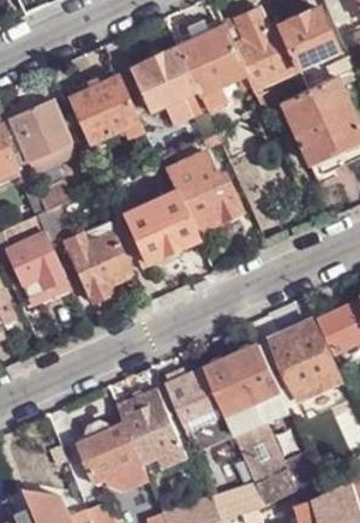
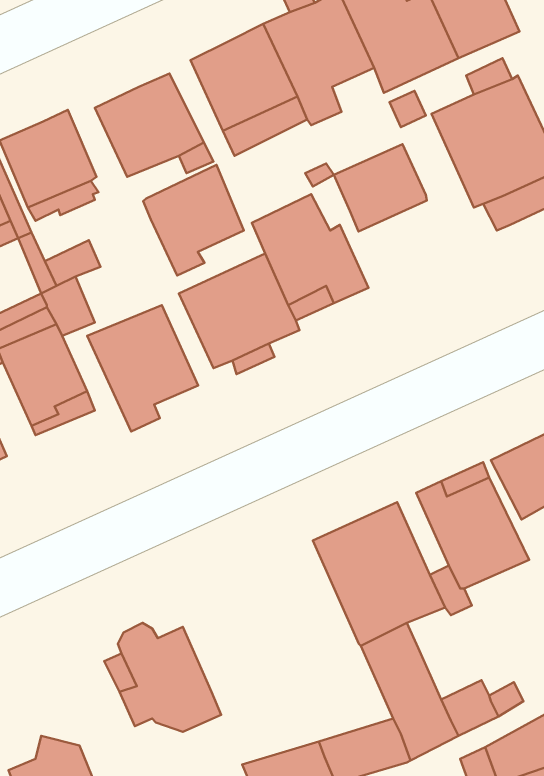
building: none -> [334,144,427,232]
building: none -> [143,165,244,276]
building: [166,369,234,450] -> none
building: [118,390,185,468] -> none

